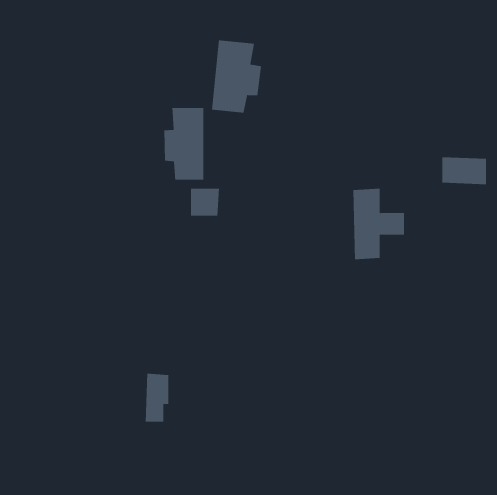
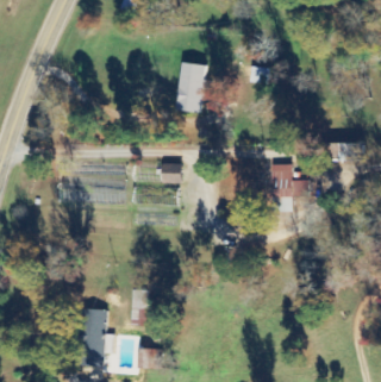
building: [164,107,204,181] -> none
building: none -> [83,307,105,365]

